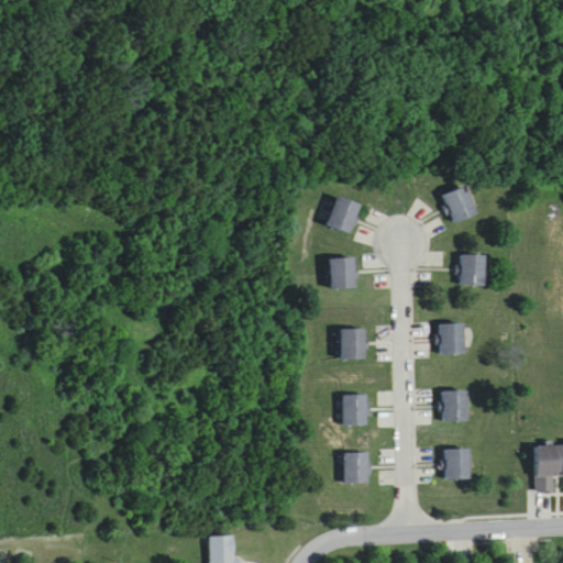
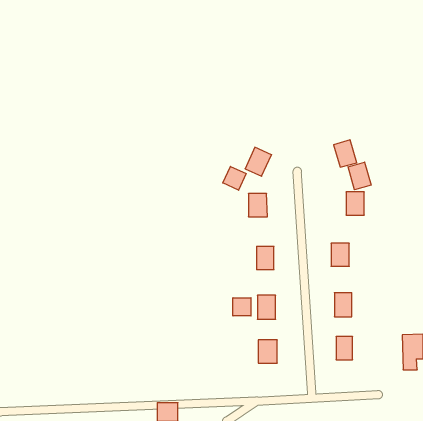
building: none -> [348,162,371,190]
building: none -> [223,166,246,190]
building: none -> [233,298,251,316]

